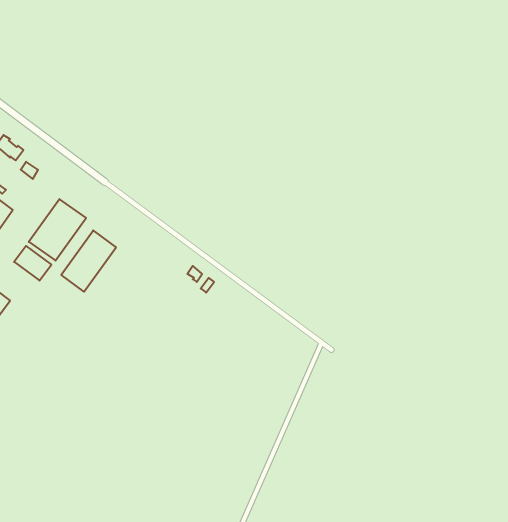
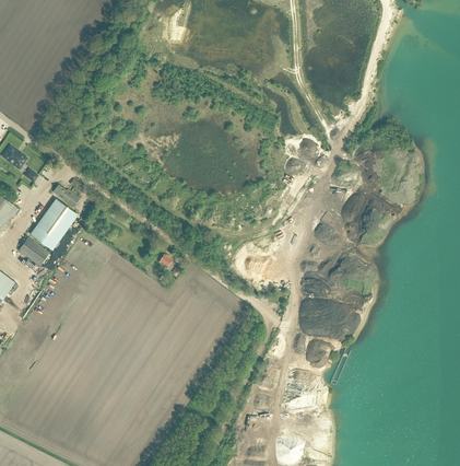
building: [61,230,116,292] -> none

